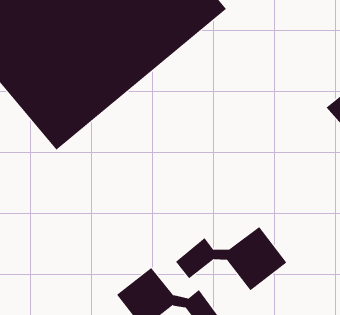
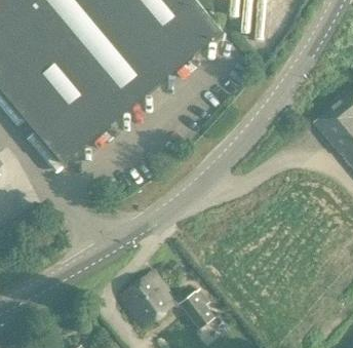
building: [175,226,287,291] -> none

